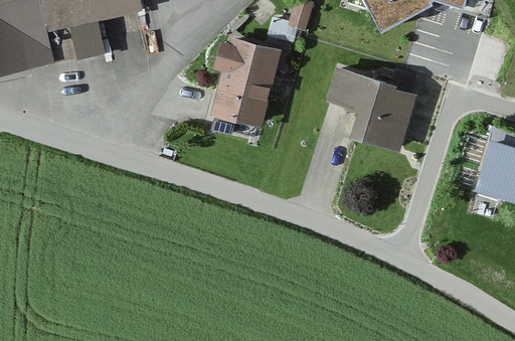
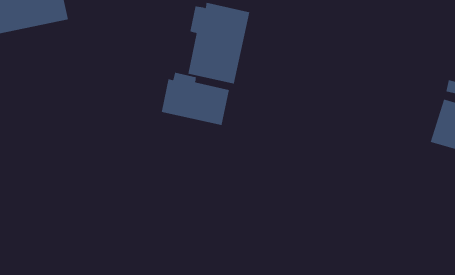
building: [328,69,415,150] -> none
building: none -> [161,72,230,126]

